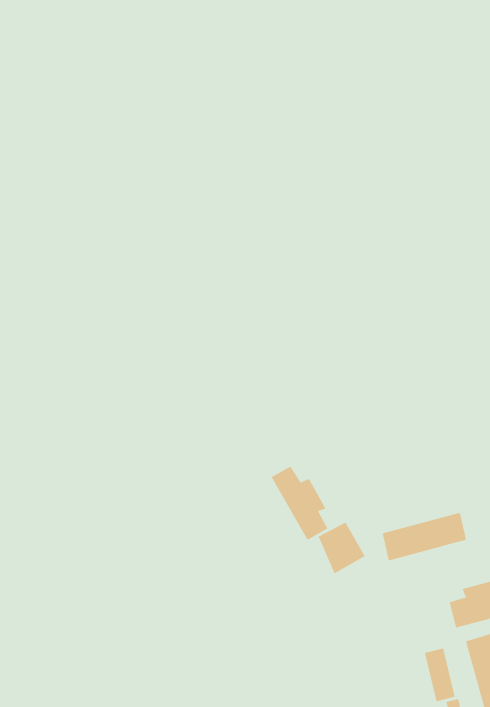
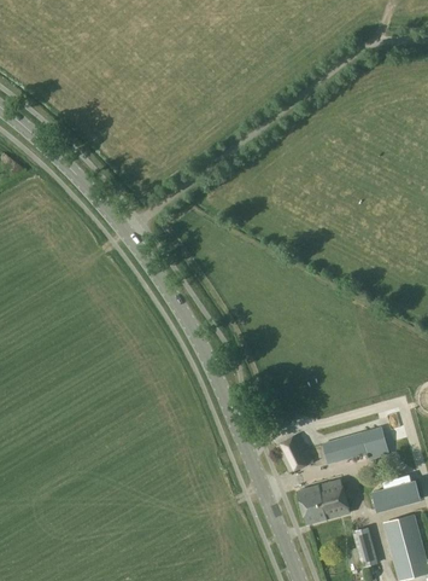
building: [271,466,328,541] -> none
building: none -> [299,478,350,523]

